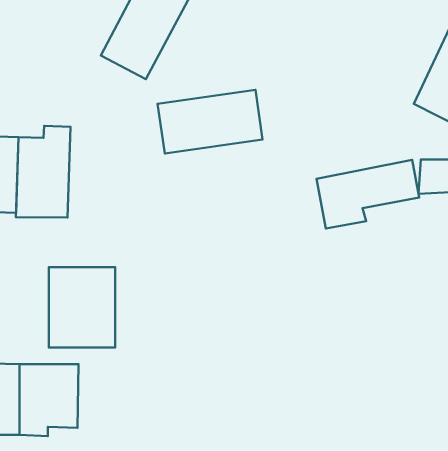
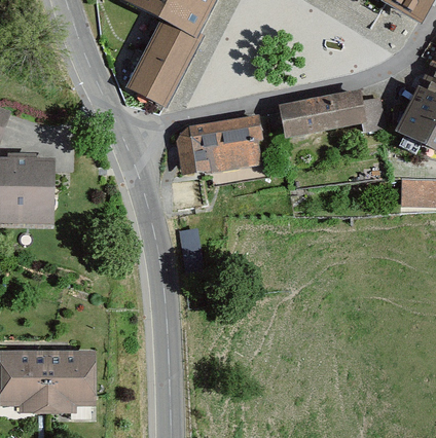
building: [16,126,70,217] -> none
building: [316,160,419,228] -> [279,88,368,148]
building: [49,267,115,348] -> none

